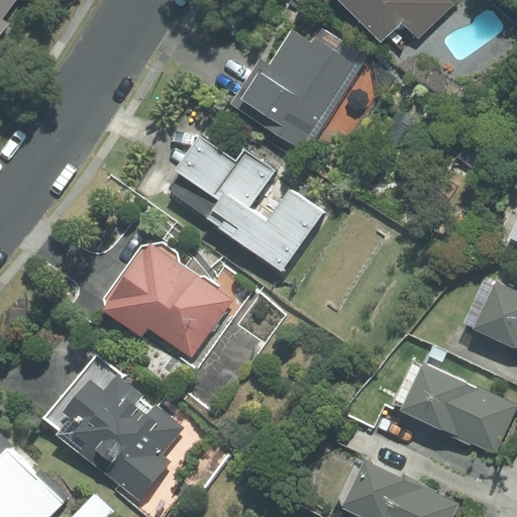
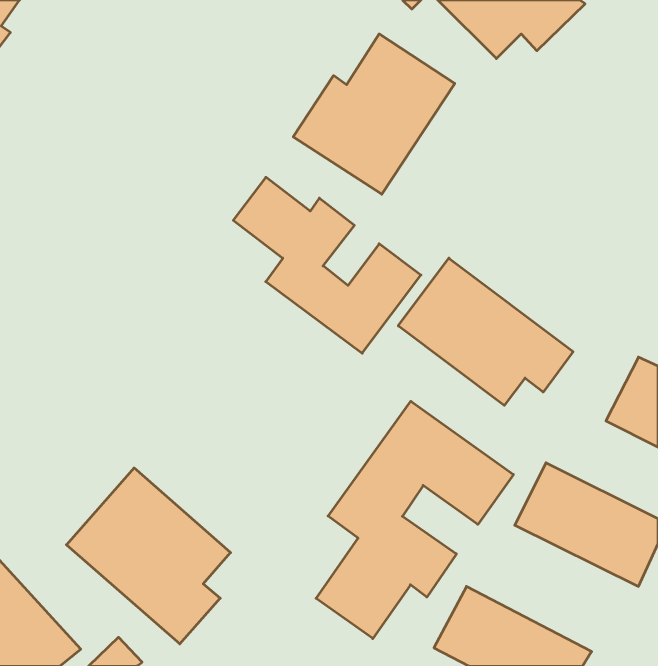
building: none -> [398,258,573,405]
building: [103,245,230,360] -> none
building: none -> [316,401,513,639]

